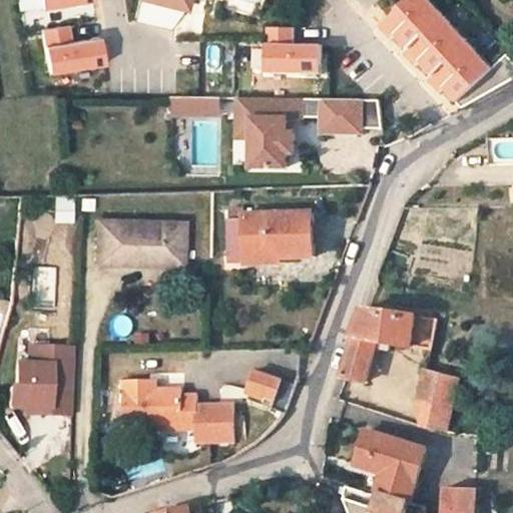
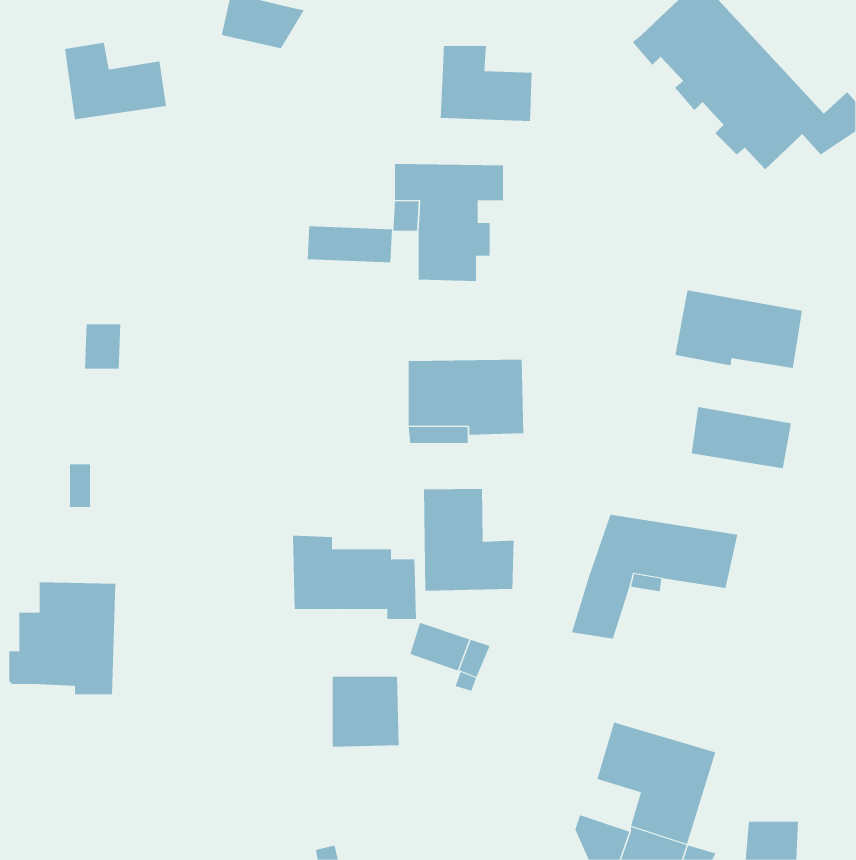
building: [169,97,220,119] -> [307,226,393,263]
building: [302,100,378,138] -> none
building: none -> [675,289,803,369]
building: [95,221,178,265] -> none
building: none -> [423,488,514,591]
building: [417,368,459,429] -> none
building: [121,381,195,431] -> [292,535,417,620]

